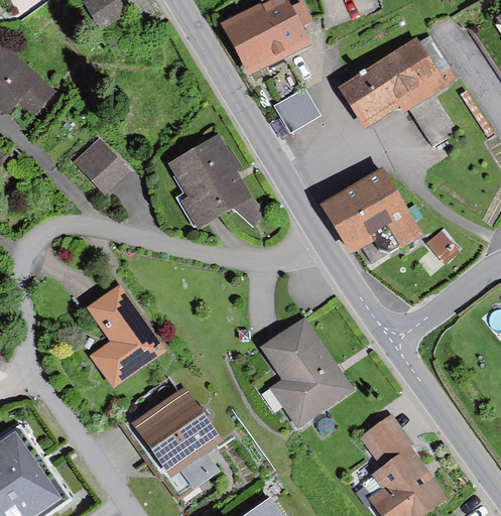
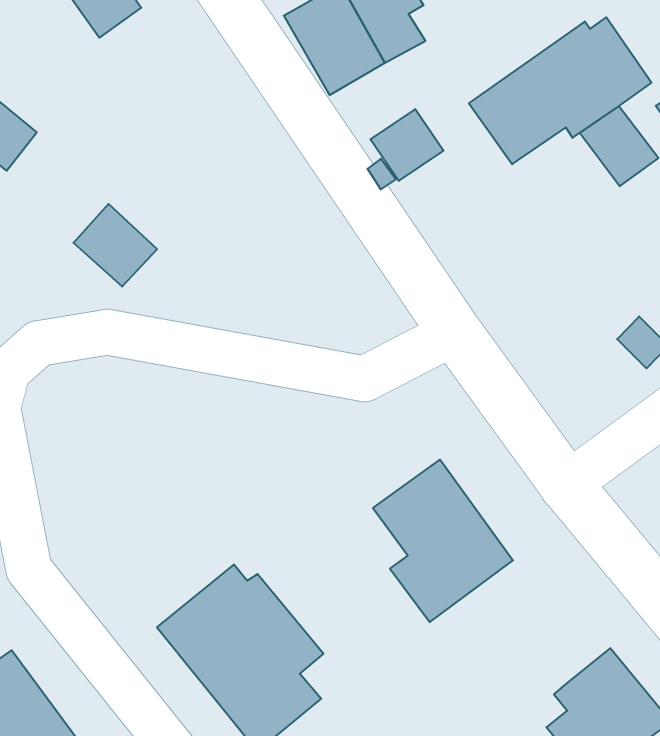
building: [169,134,267,230] -> none
building: [321,166,423,264] -> none
building: [87,283,164,385] -> none
building: [359,413,414,468] -> none

